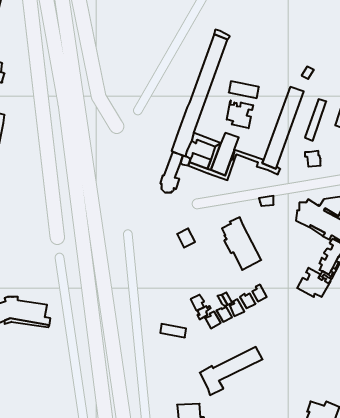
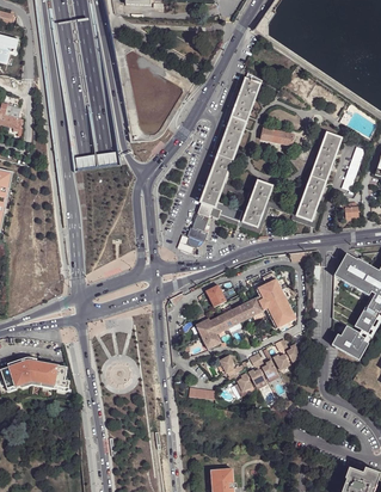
building: [227,100,253,128] -> none
building: [200,347,263,395] -> [197,297,264,349]

